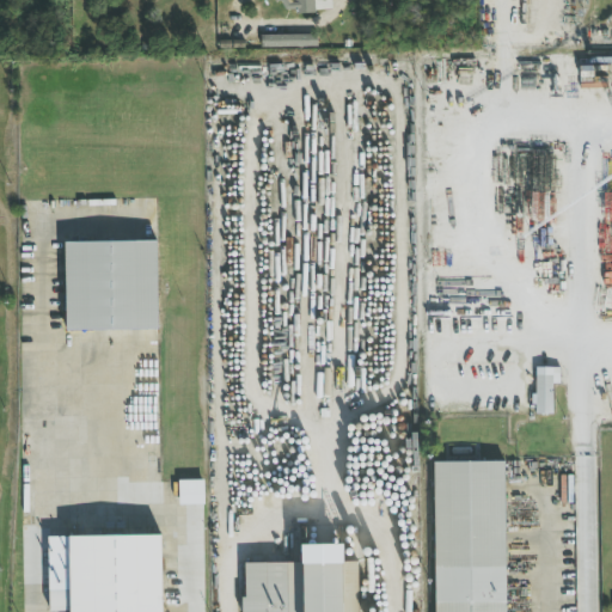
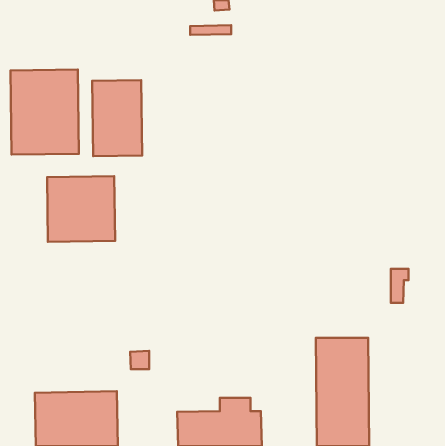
building: none -> [10,70,79,155]
building: none -> [92,80,142,156]

